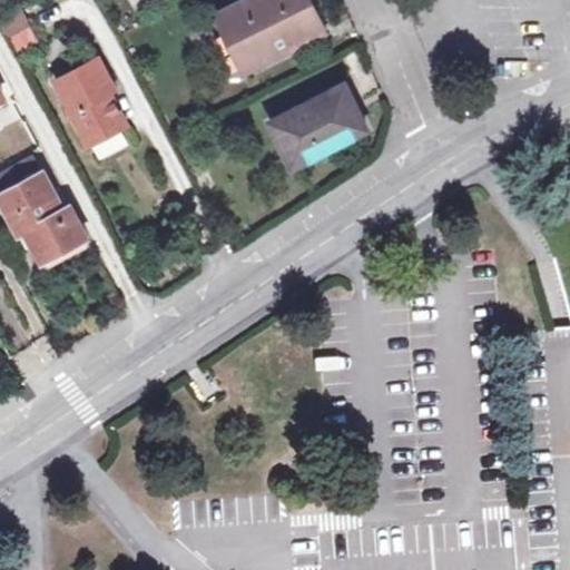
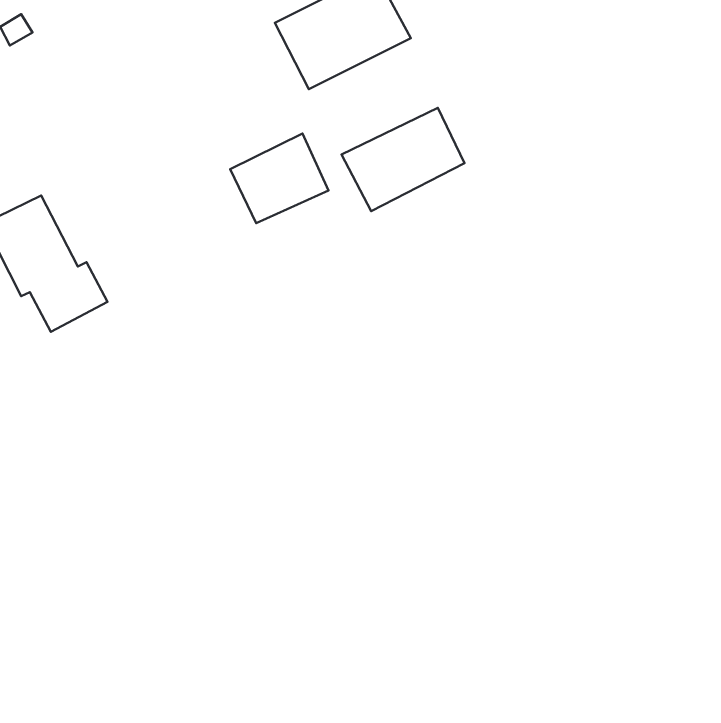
building: [52,58,126,146] -> none
building: none -> [230,134,329,223]

